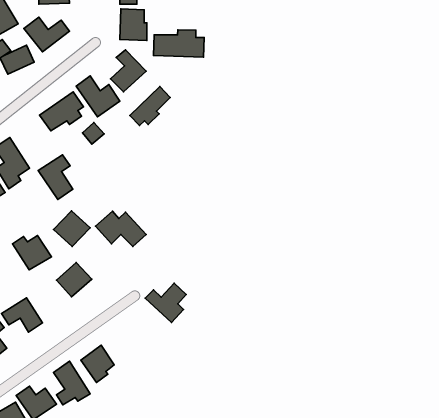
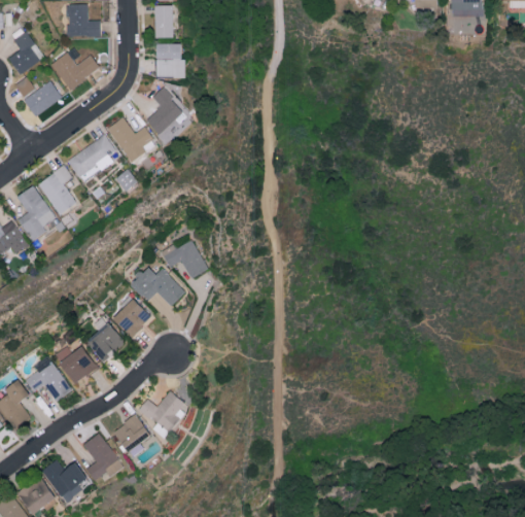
building: [153,30,204,57] -> none
building: [130,87,170,126] -> none
building: [38,155,73,199] -> [38,165,76,214]
building: none -> [161,239,207,278]
building: [54,211,90,246] -> [111,298,151,337]
building: [12,235,52,270] -> [54,345,97,383]
building: [145,283,186,322] -> [138,390,183,434]

